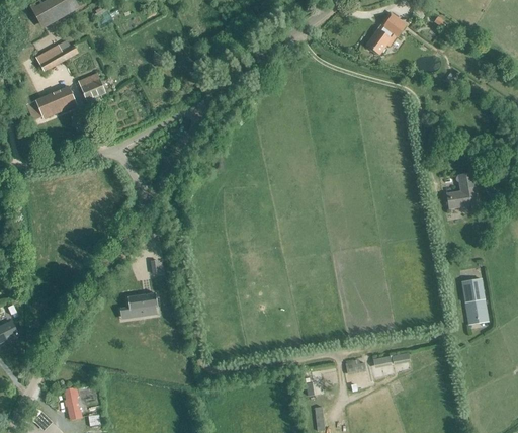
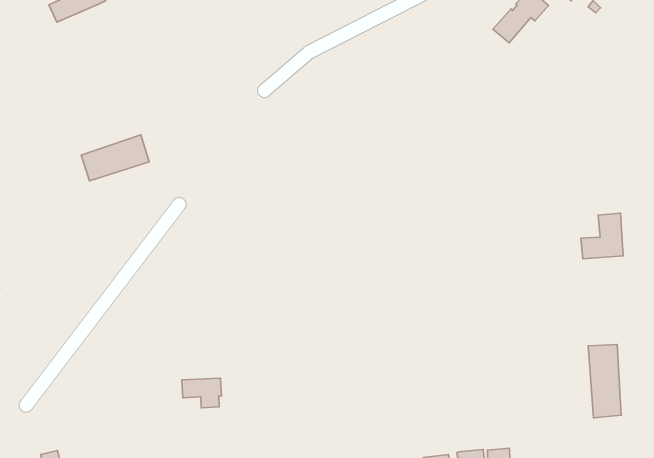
building: [79,76,104,101] -> none
building: [27,84,78,121] -> [81,135,149,181]
building: [126,292,157,316] -> [182,378,222,408]

